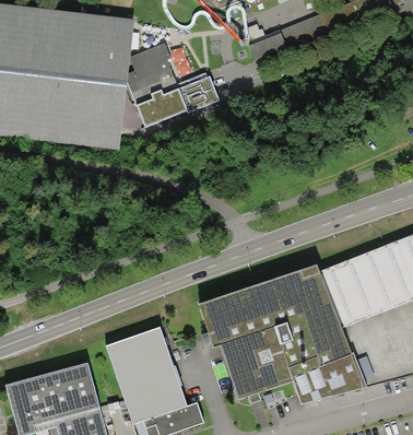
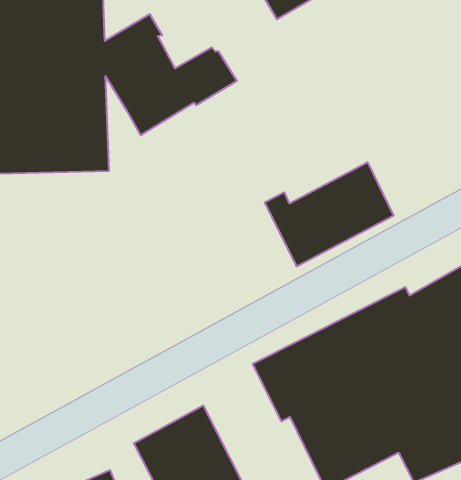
building: none -> [265,162,394,266]

